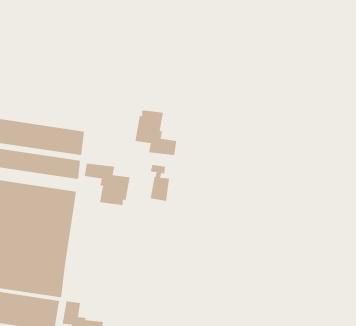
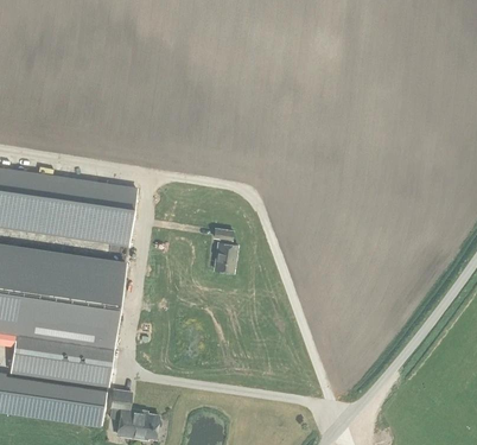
building: [135,109,177,156] -> none
building: [84,163,130,206] -> none

